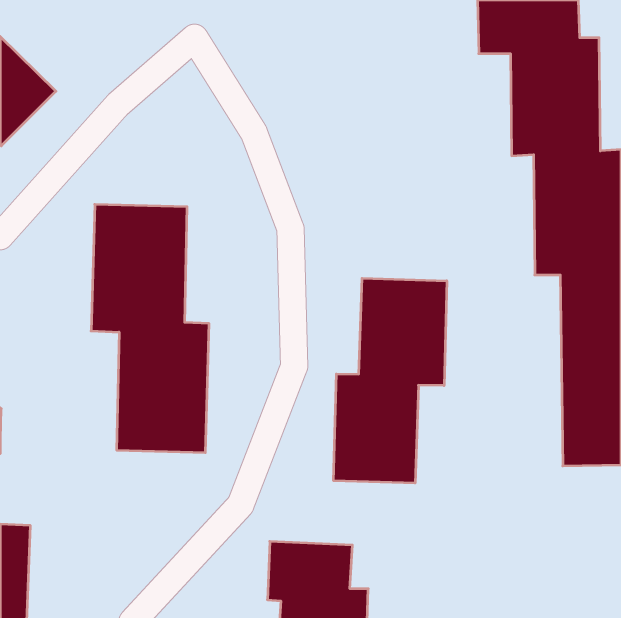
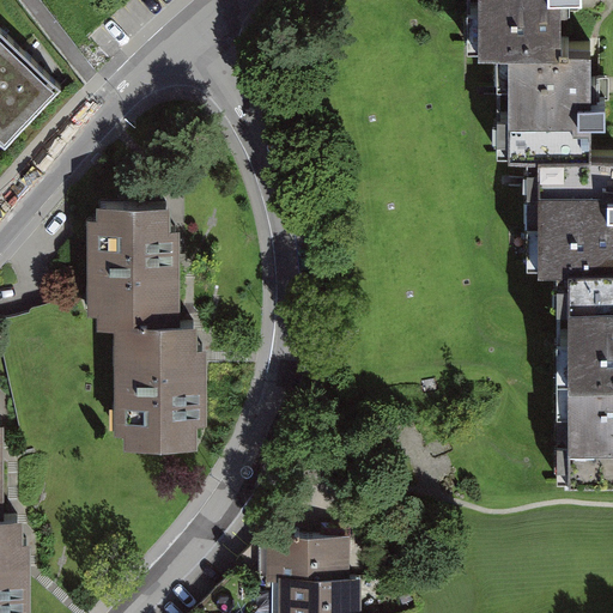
building: [334,278,447,483] -> none

